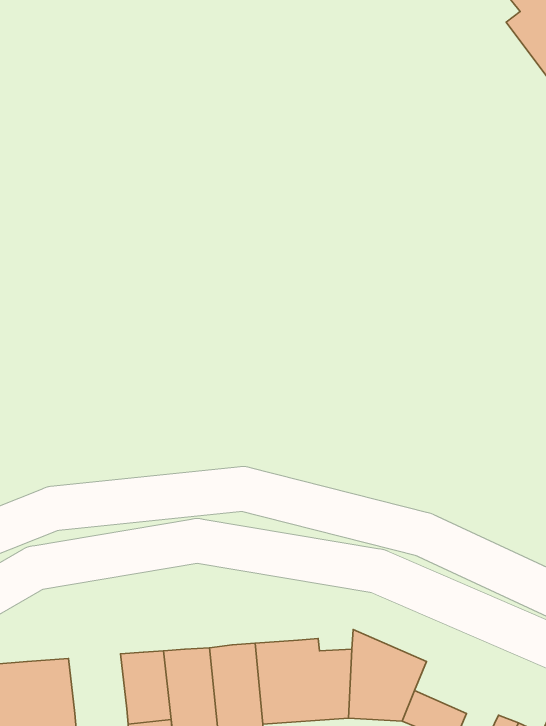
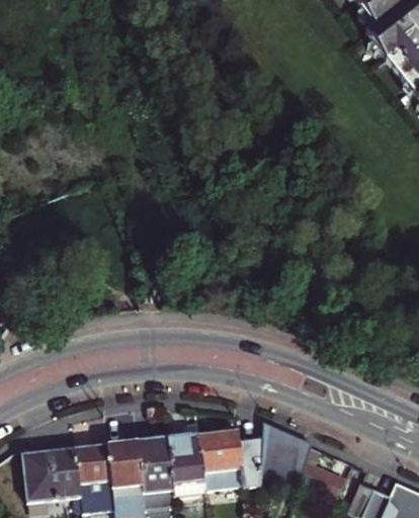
building: none -> [76,444,114,484]

